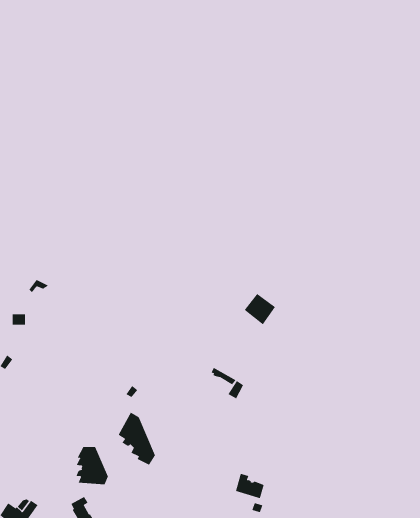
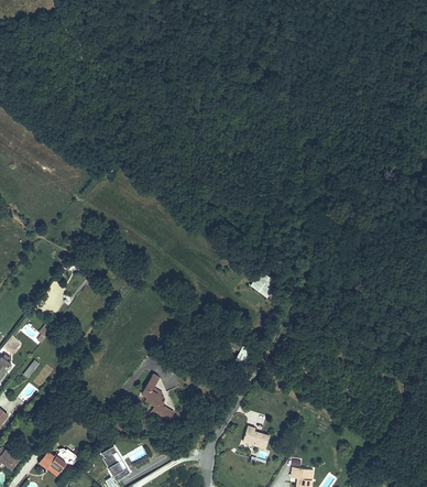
building: [76,446,109,485] -> none

